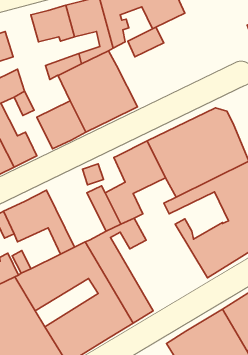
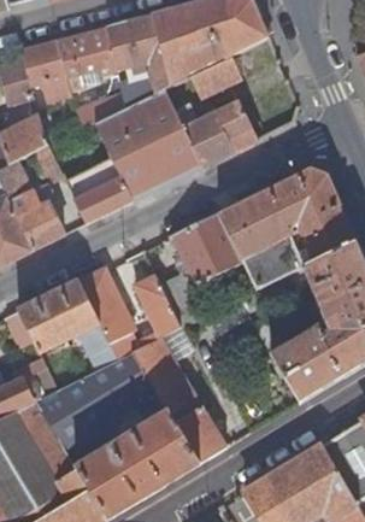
building: none -> [18,40,72,104]
building: none -> [173,100,257,166]
building: none -> [77,269,136,359]

